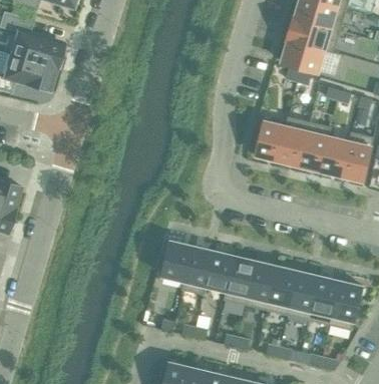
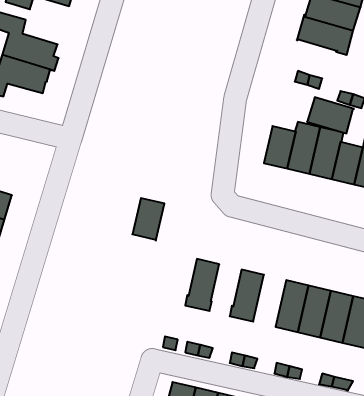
building: [281,38,325,72] -> [307,97,354,133]
building: [162,241,193,281] -> [132,198,164,241]
building: [206,251,235,291] -> none
building: [246,261,277,310] -> none

